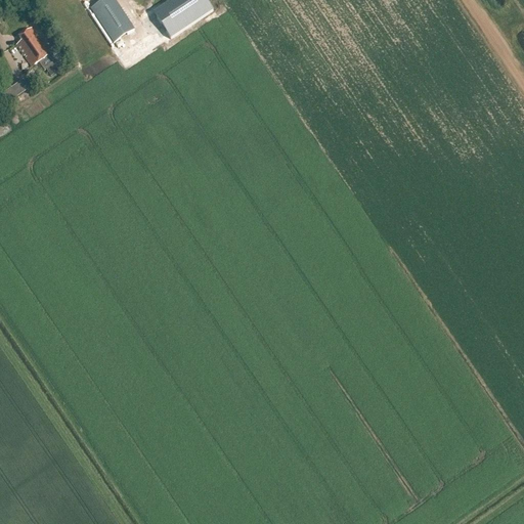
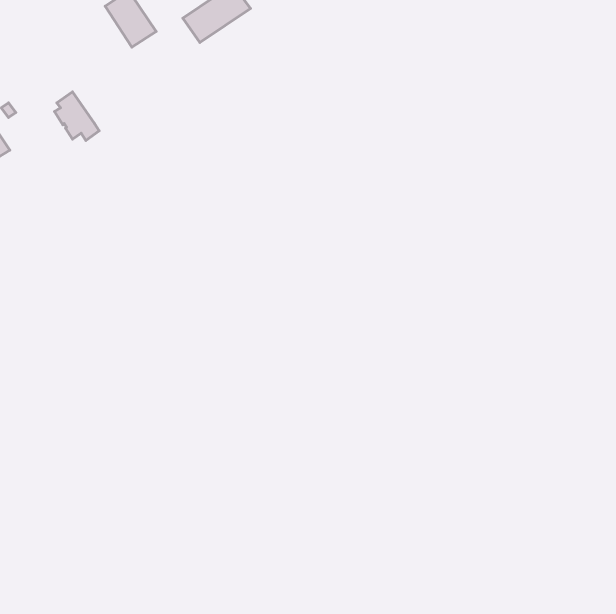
building: [14,25,52,66] -> [55,92,99,140]

